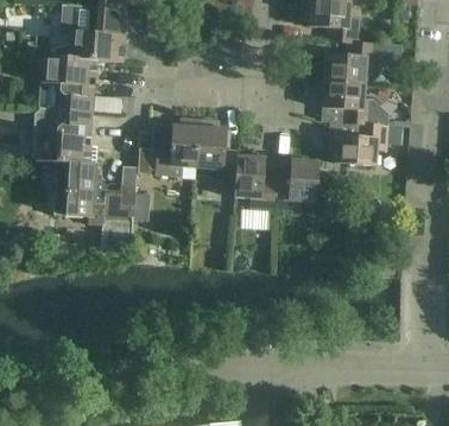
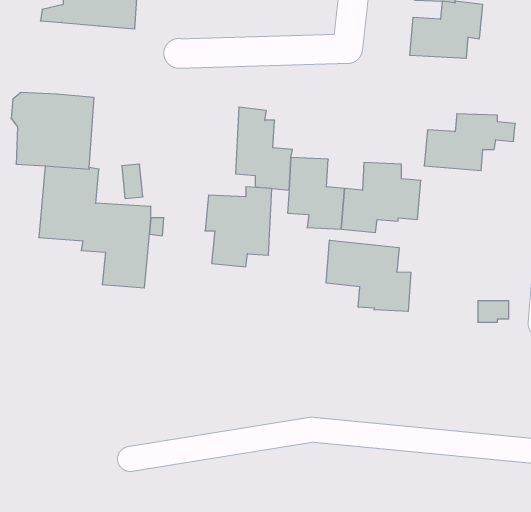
building: [42,56,97,113] -> none
building: [316,81,388,126] -> none
building: [151,119,200,177] -> [205,187,272,267]
building: none -> [326,240,411,312]

